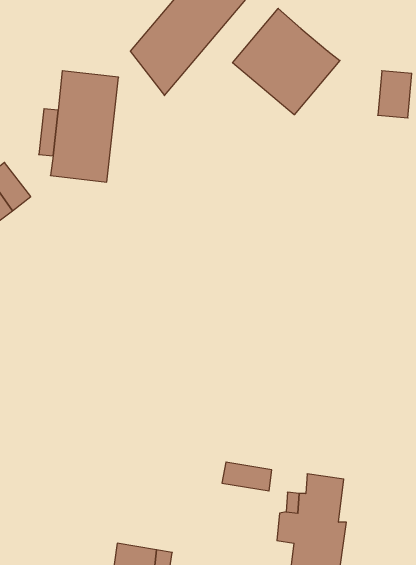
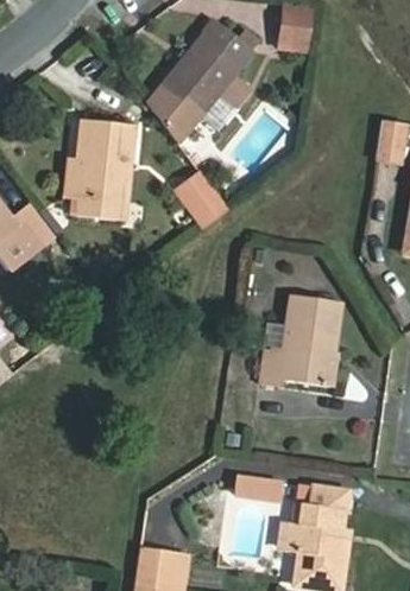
building: [233,8,340,115] -> none
building: none -> [174,169,228,227]
building: none -> [258,296,338,386]

